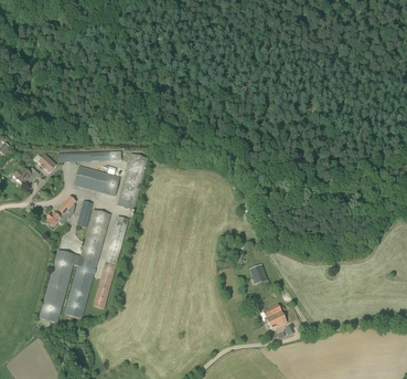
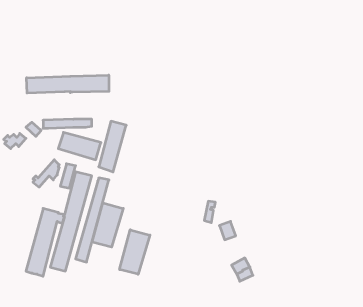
building: none -> [27,75,109,93]
building: none -> [92,203,123,247]
building: none -> [120,230,150,274]

